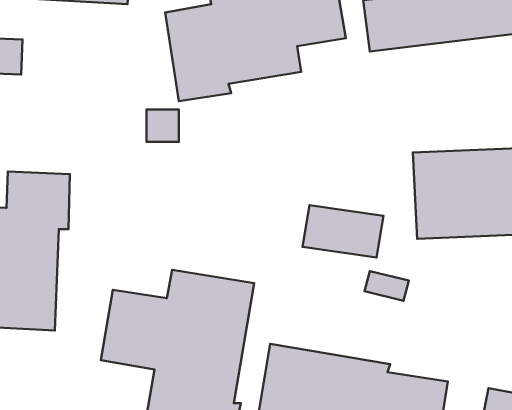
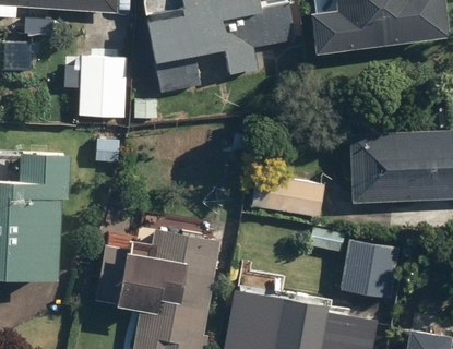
building: none -> [79,57,128,119]
building: none -> [339,240,398,299]

